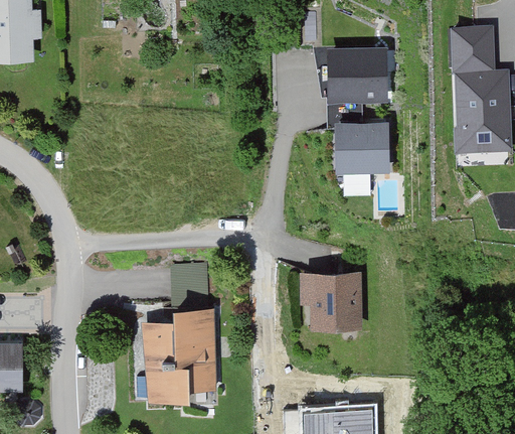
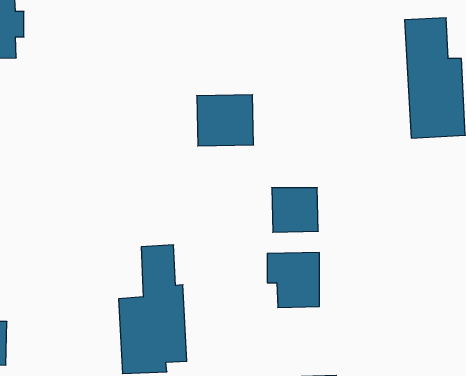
building: [327,46,387,101] -> [197,95,254,146]
building: [337,125,386,172] -> [272,188,318,232]

